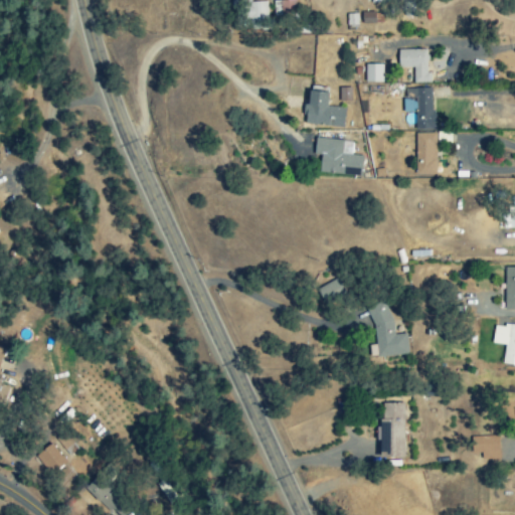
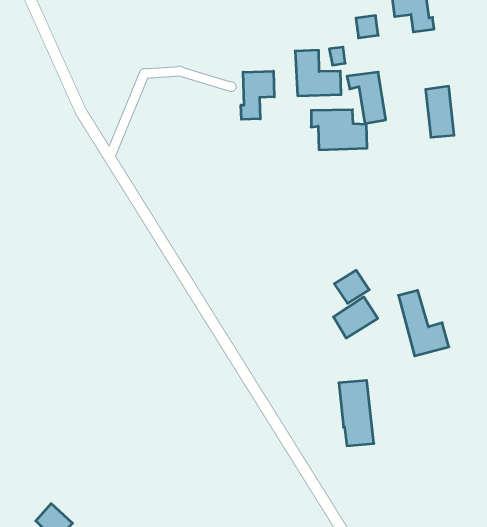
building: [407,88,436,130] -> [347,72,386,124]
building: none -> [241,71,274,119]
building: none -> [333,297,378,338]
building: [381,402,406,458] -> [339,380,374,446]

